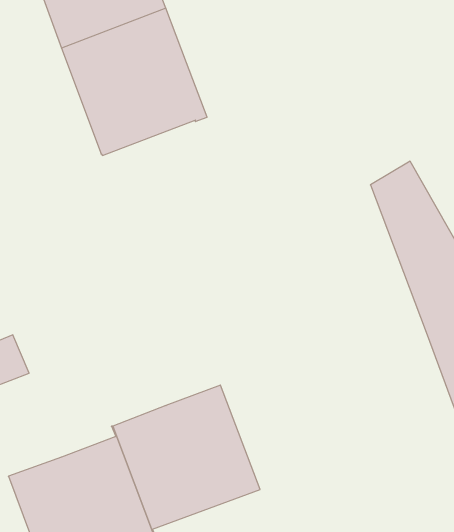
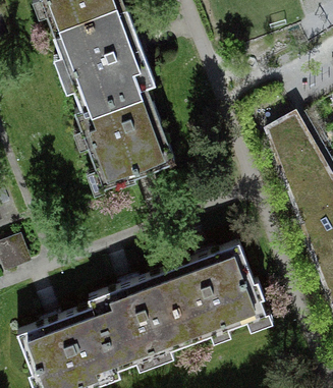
building: none -> [74,89,175,190]
building: none -> [164,244,266,344]

